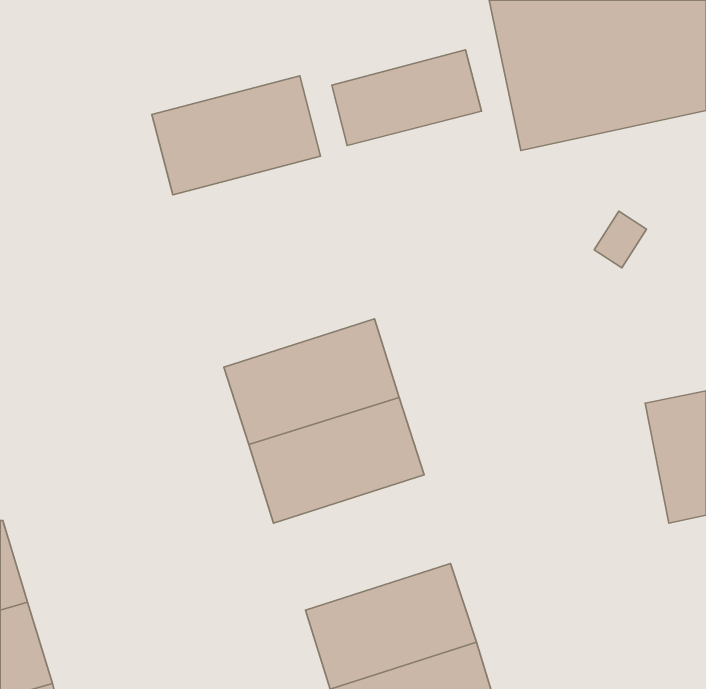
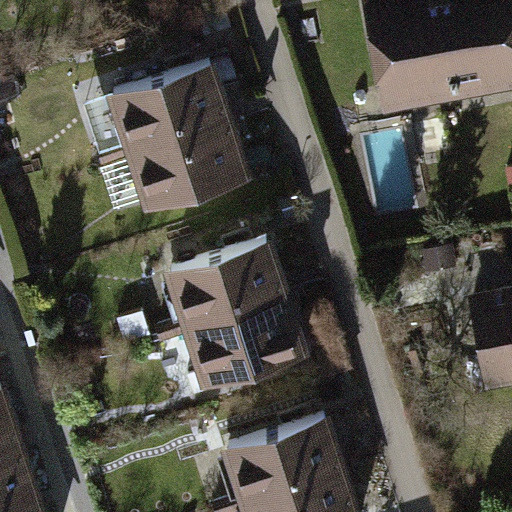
building: [332,50,481,146] -> none
building: none -> [125,125,248,211]

